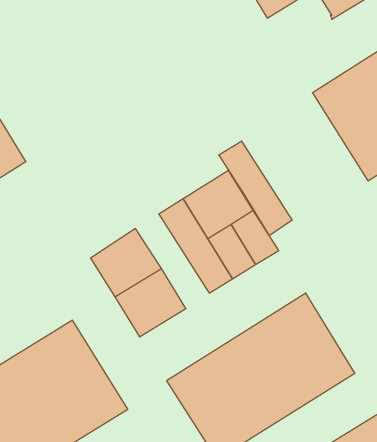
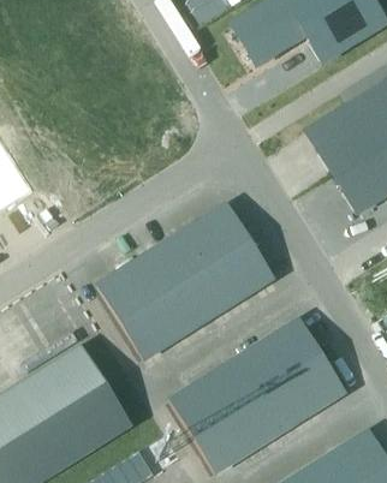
building: [219,141,292,235] -> [141,244,209,332]

